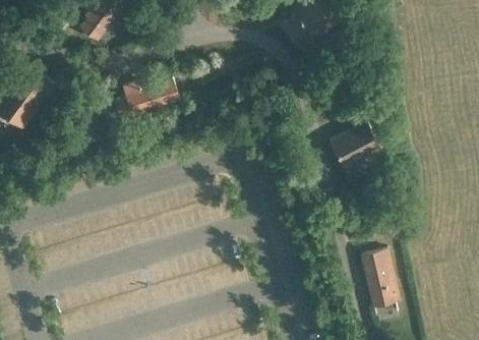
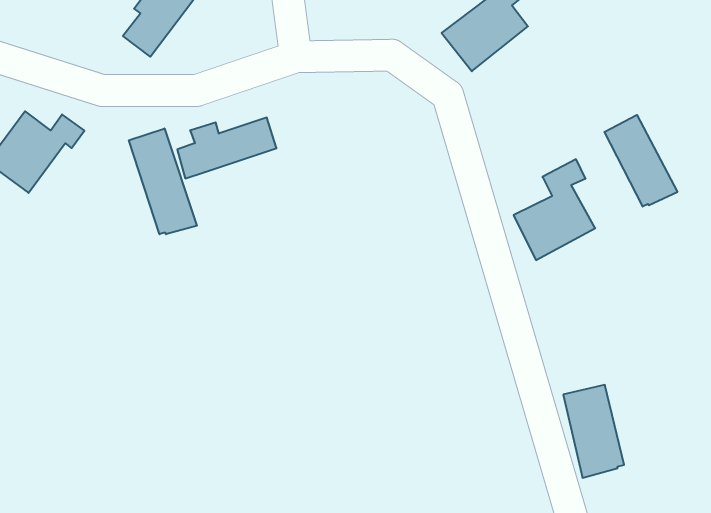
building: none -> [604,115,677,207]
building: none -> [129,128,197,234]

